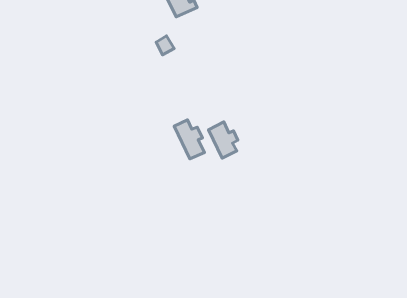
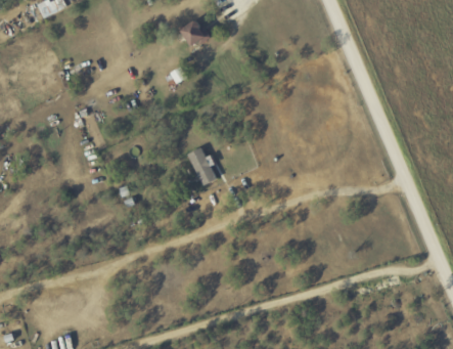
building: [208,122,238,158] -> none

